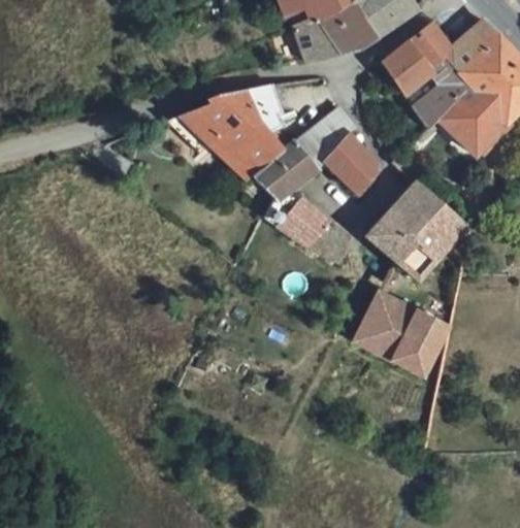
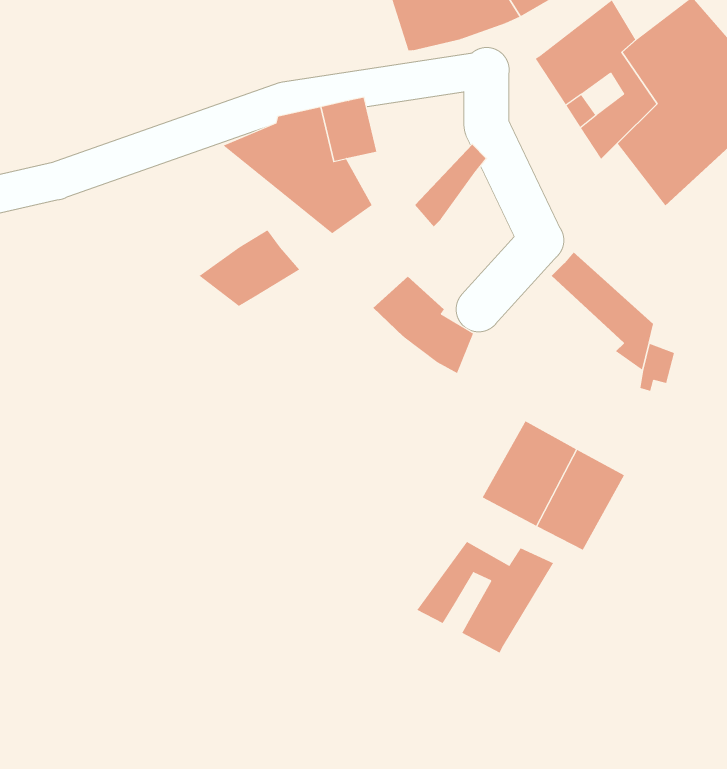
building: [326,133,376,194] -> none
building: [256,142,321,192] -> [199,229,300,306]
building: [365,199,443,276] -> none
building: none -> [417,541,554,653]

